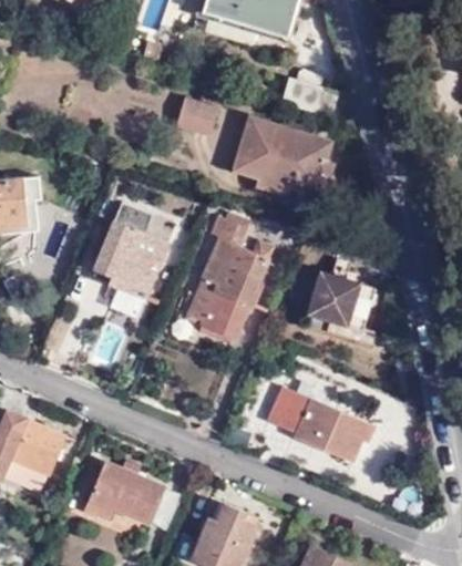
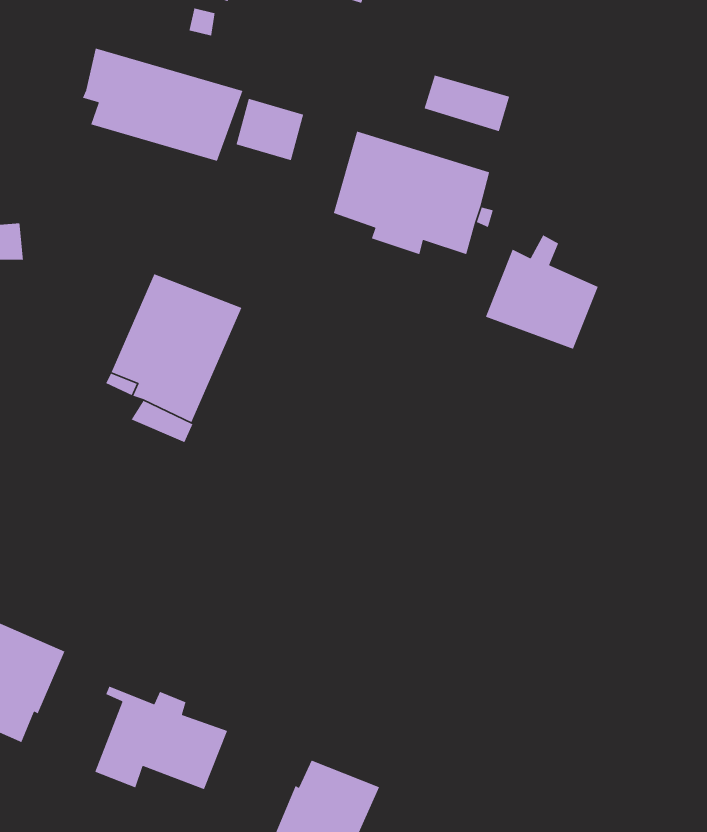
building: none -> [82,48,244,162]
building: [185,218,267,341] -> none
building: [302,260,372,331] -> [485,234,599,350]
building: [275,388,371,463] -> none

